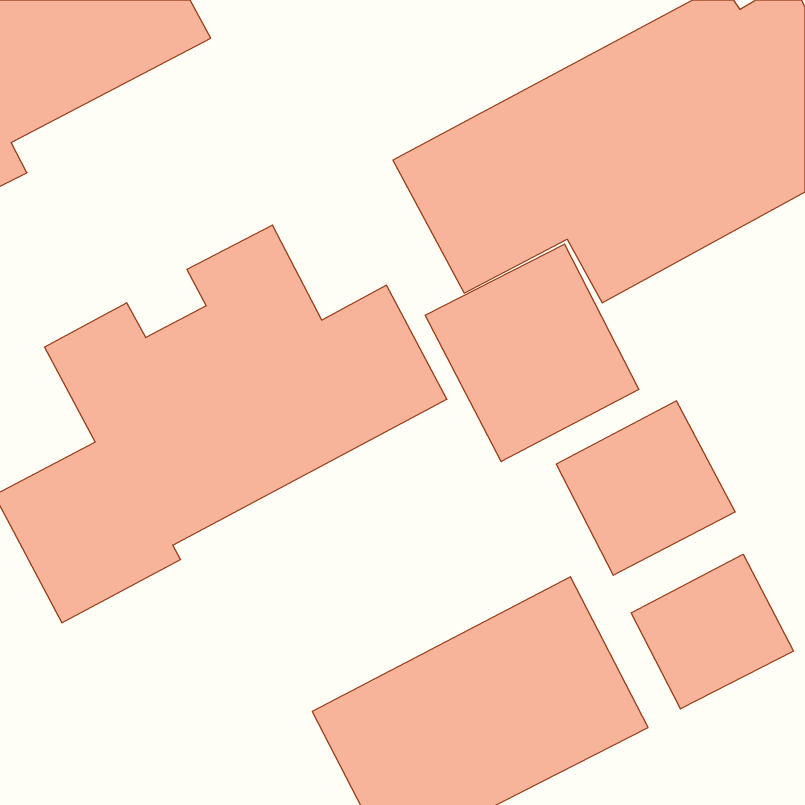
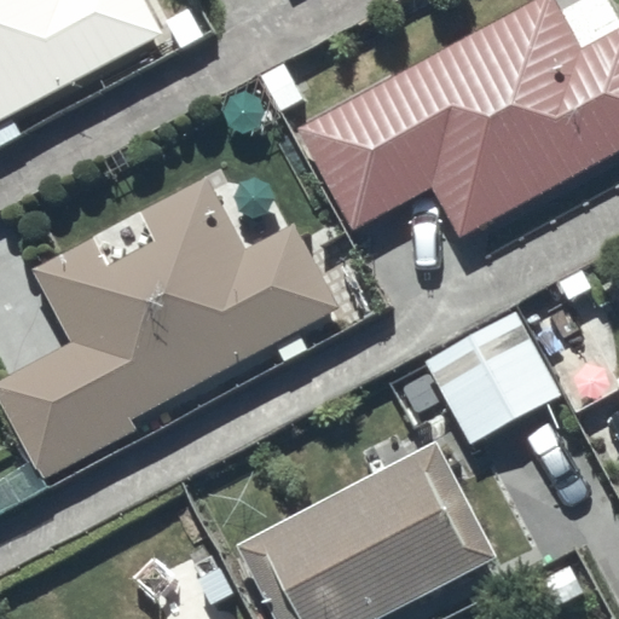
building: [425,244,639,462] -> none
building: [631,554,793,709] -> none

